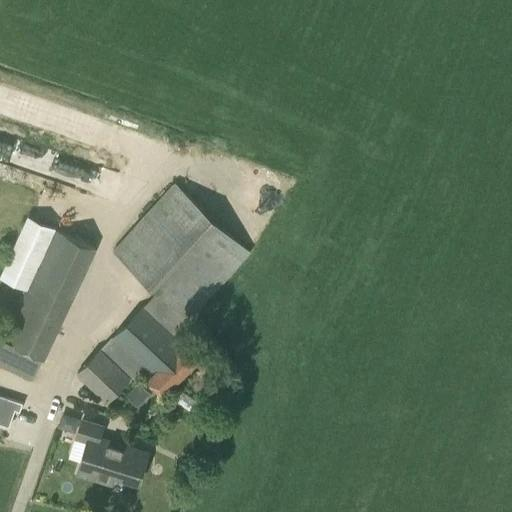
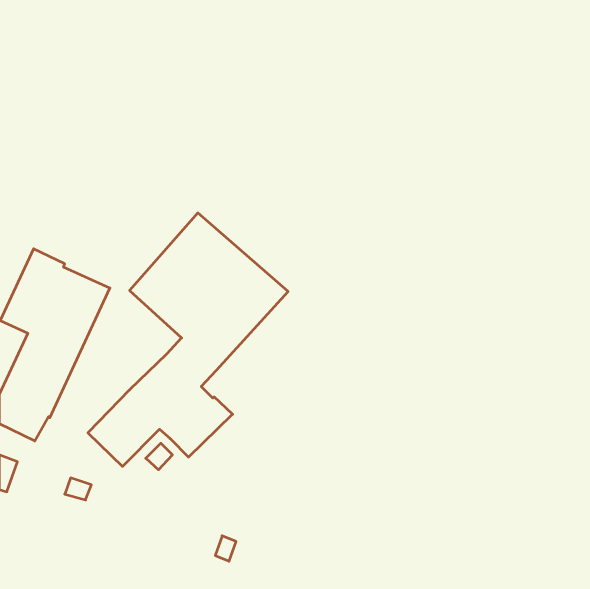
building: [75,421,147,484] -> none

